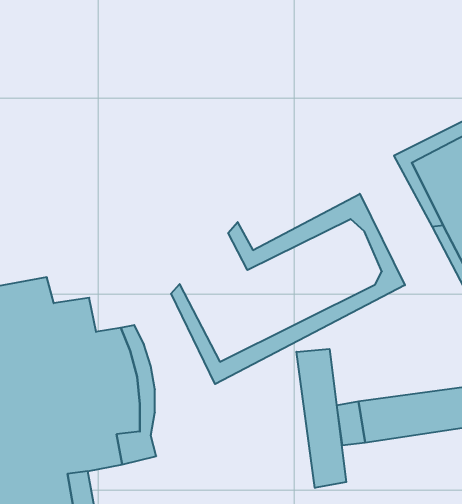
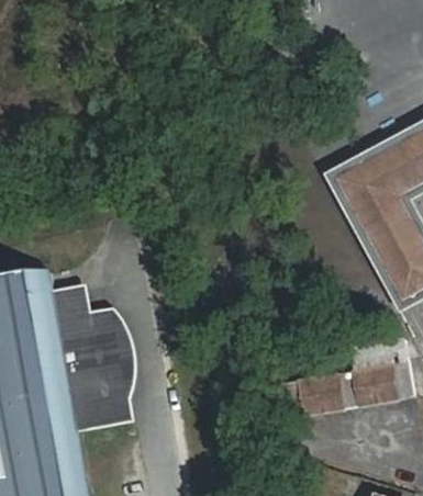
building: [171,194,405,384] -> none
building: [296,349,346,488] -> none

